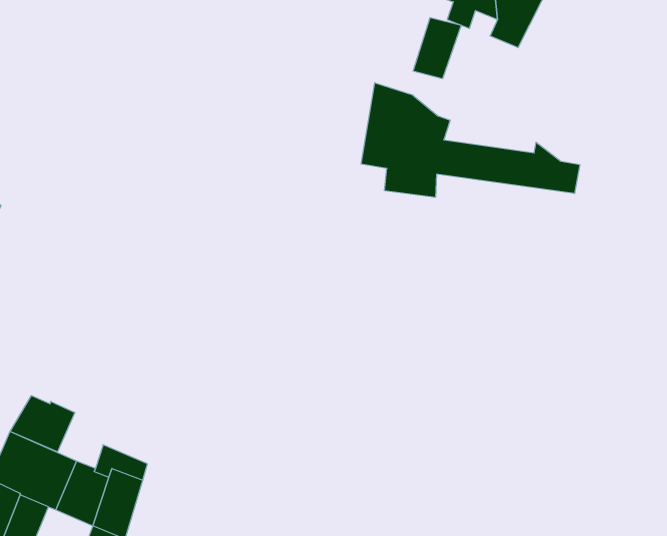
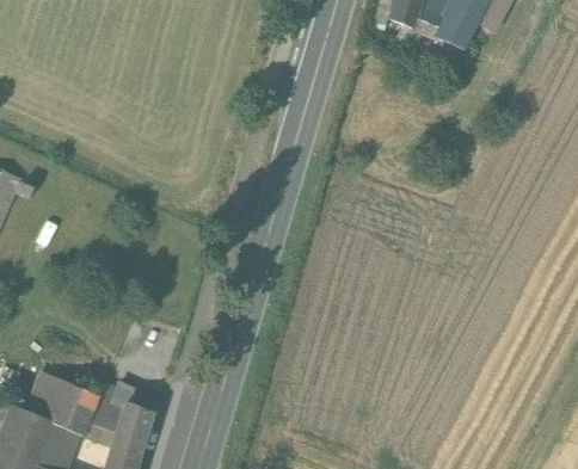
building: [413,18,461,79] -> none
building: [361,83,580,197] -> none
building: [10,396,75,452] -> none

